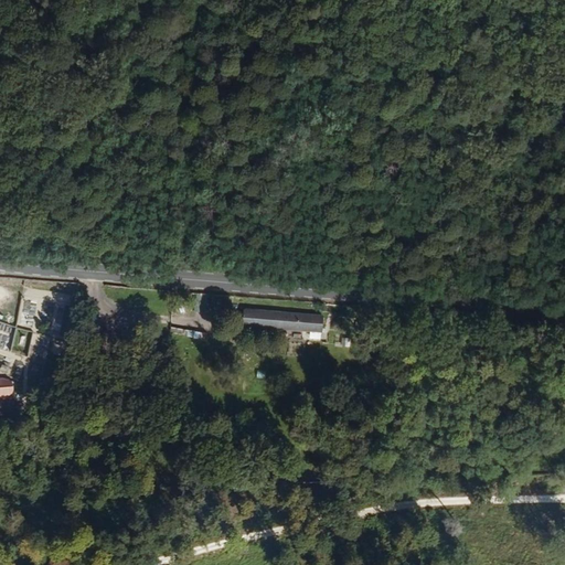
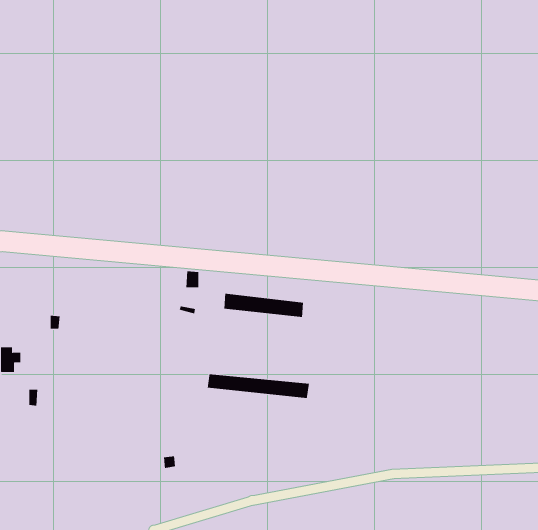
building: none -> [207,373,310,399]

